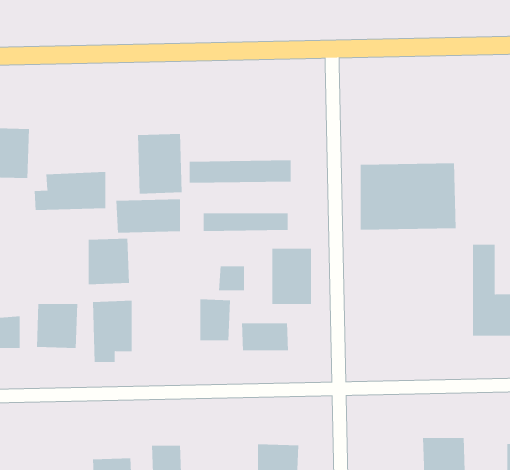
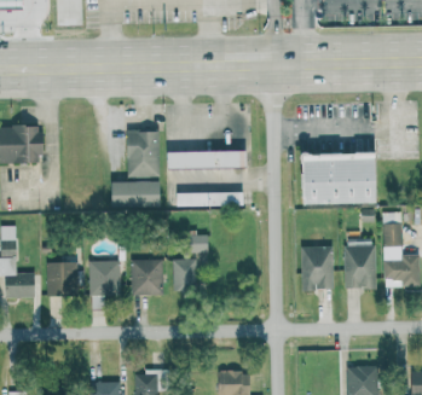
building: [34,171,106,211] -> none
building: [88,238,130,285] -> [133,257,166,294]
building: [271,248,312,304] -> [302,245,334,289]
building: none -> [346,238,377,289]
building: [242,323,288,351] -> none

